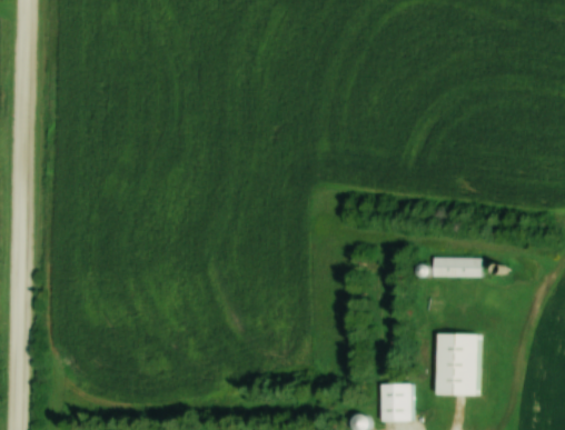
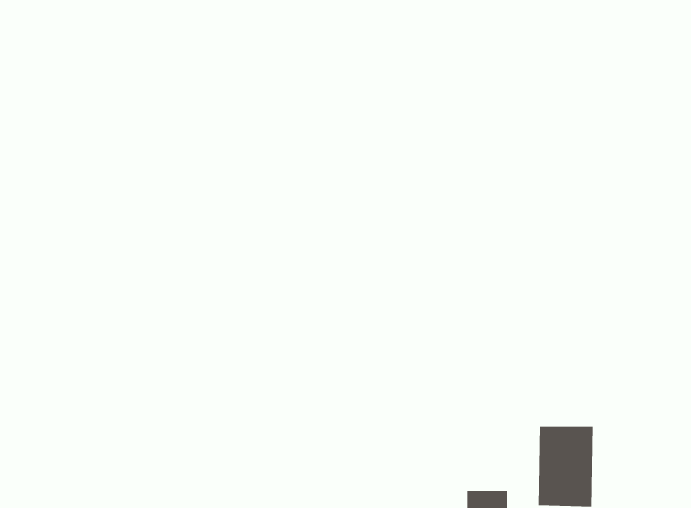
building: [433,258,482,278] -> none

